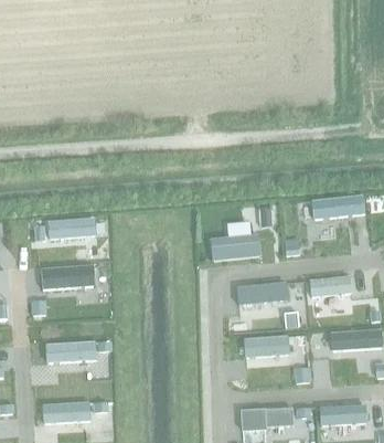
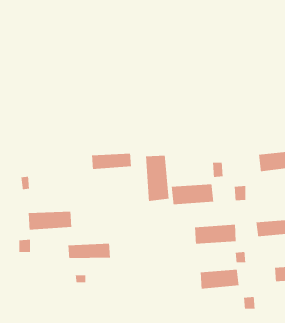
building: none -> [145,155,169,202]
building: [47,218,95,238] -> [91,153,132,170]
building: [45,341,96,360] -> [67,243,111,259]

